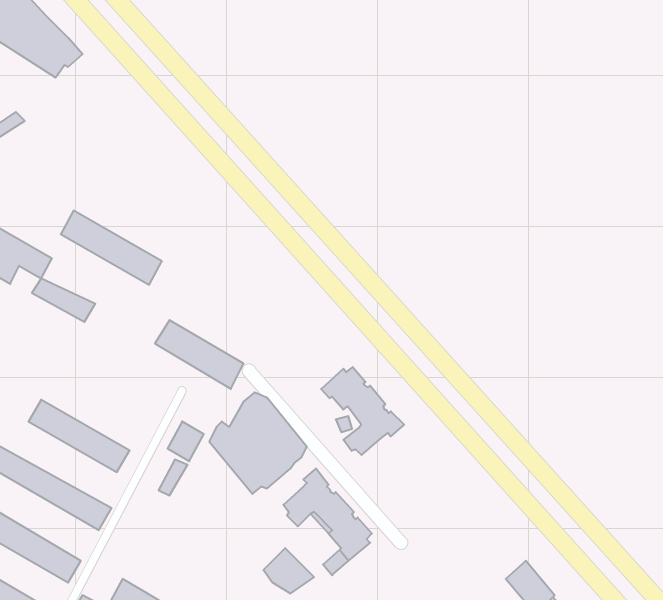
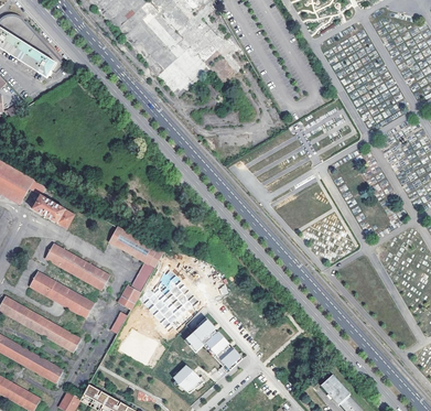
building: [61,211,162,285] -> [45,245,107,290]
building: [321,367,404,455] -> none

